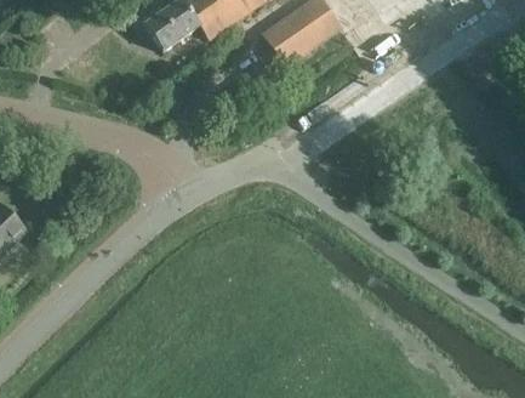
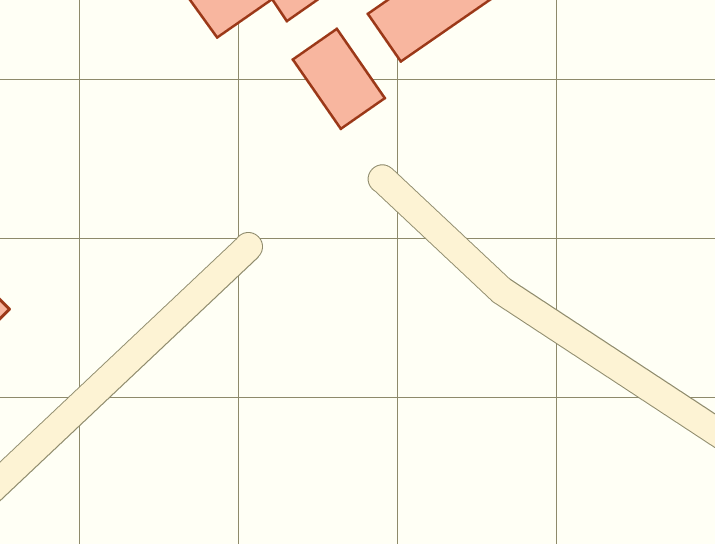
building: none -> [293,29,385,129]

